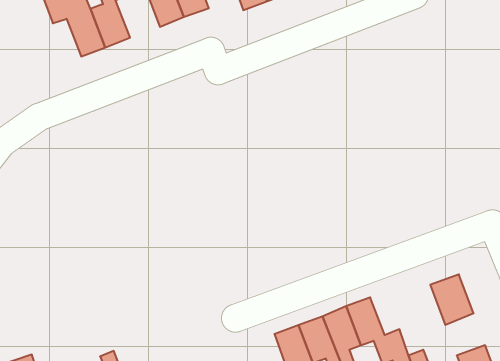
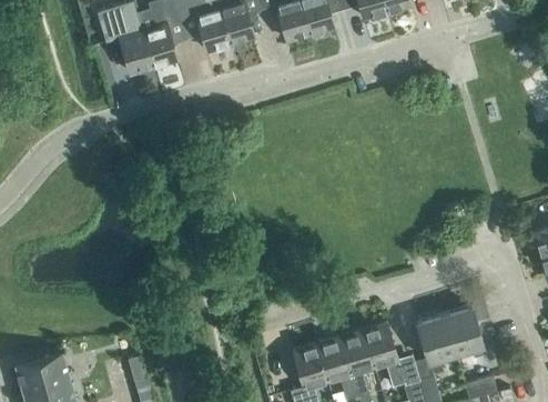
building: none -> [416,315,455,371]

